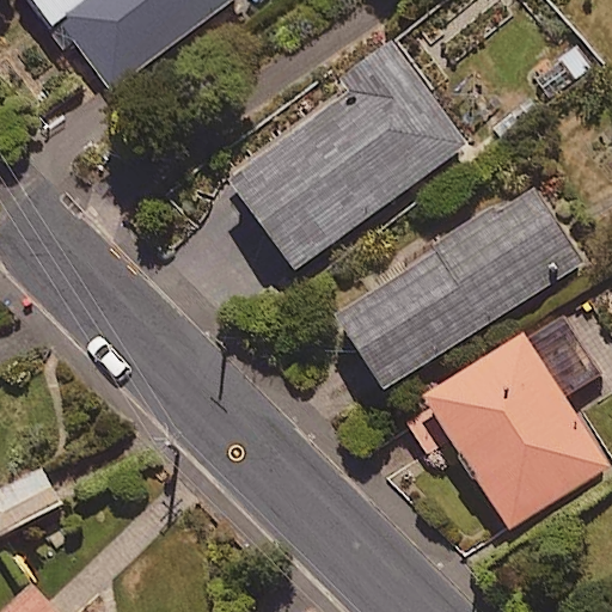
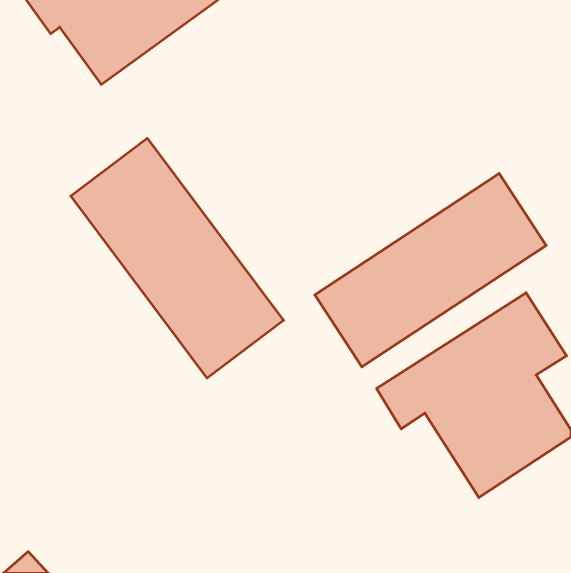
building: [230,45,463,269] -> none
building: none -> [71,138,284,378]

